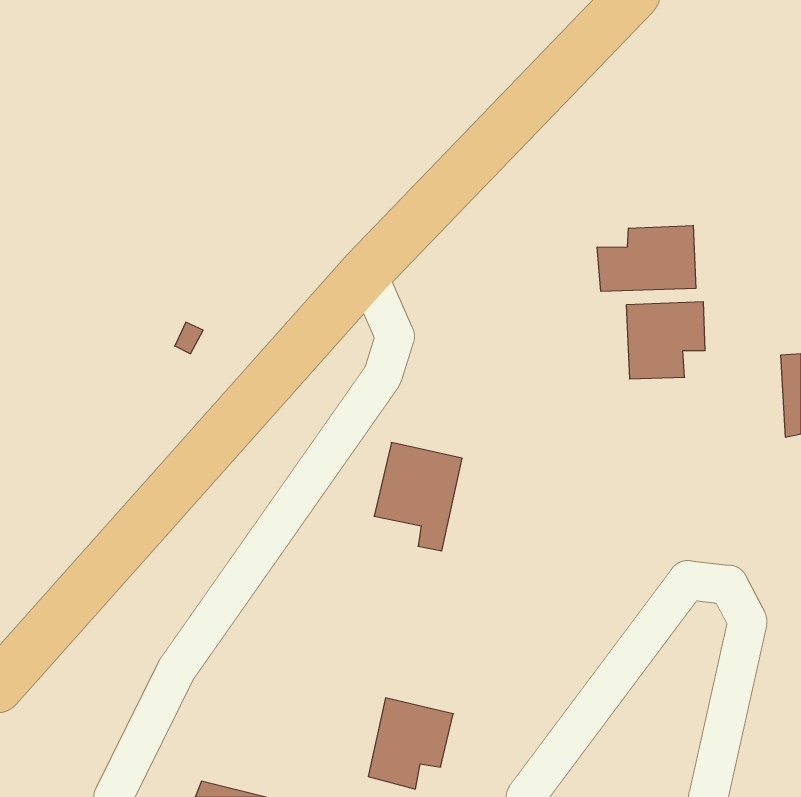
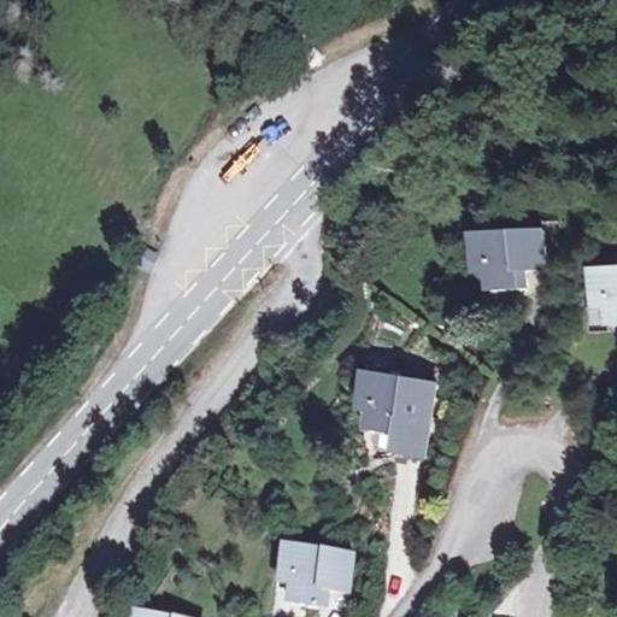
building: [597,225,696,291] -> none
building: [374,442,462,551] -> [359,371,427,454]

